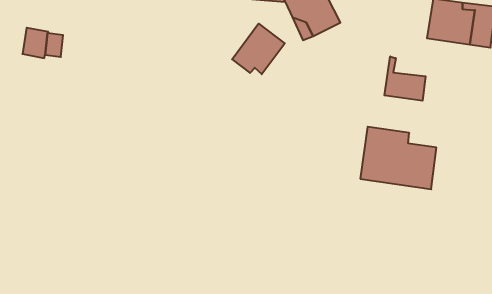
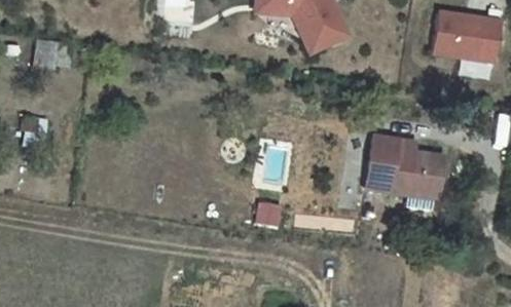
building: [232,24,285,74] -> none
building: [384,56,426,101] -> none

